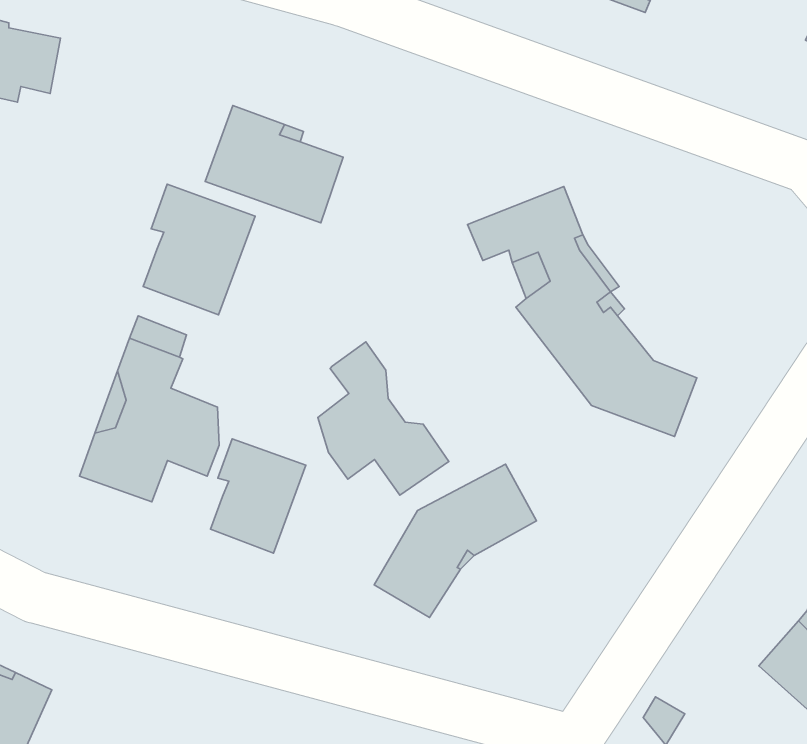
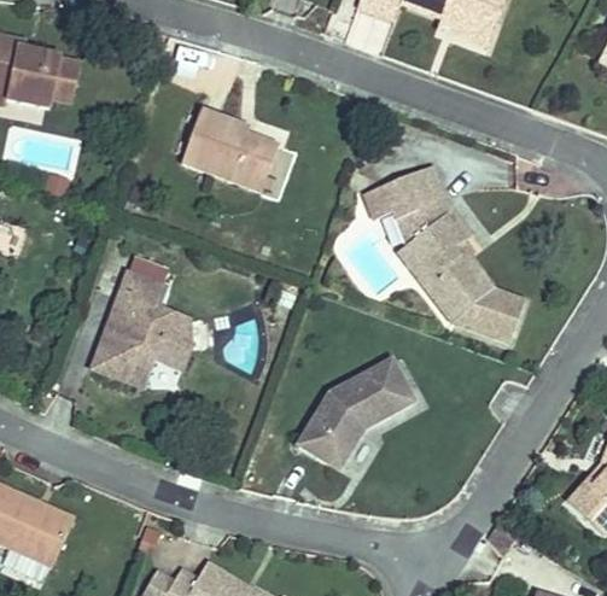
building: [143,184,255,315] -> none
building: [318,342,449,495] -> none
building: [211,439,306,553] -> none

